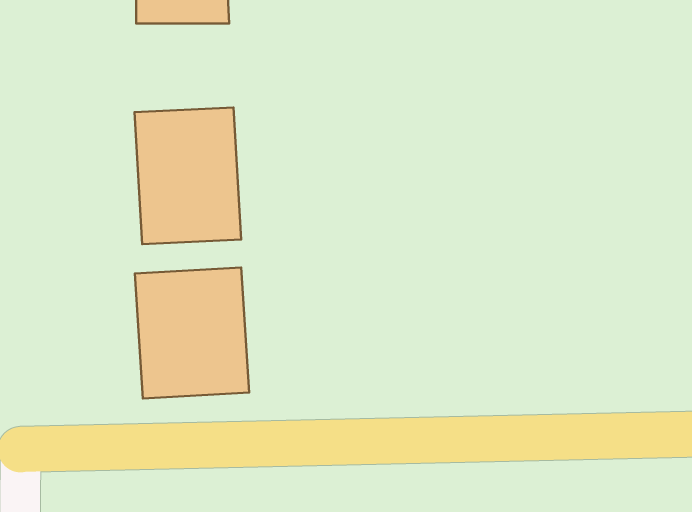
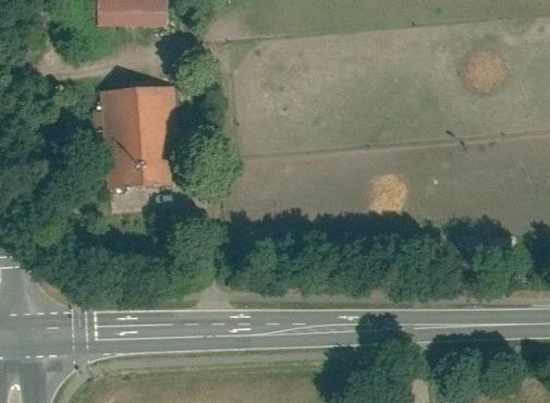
building: [135,267,249,399] -> none

